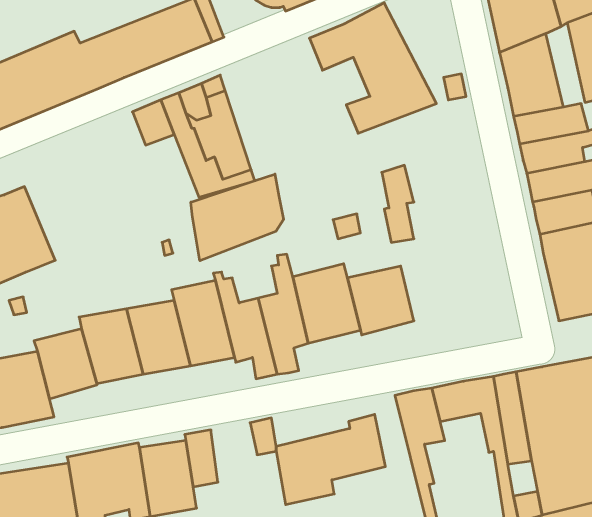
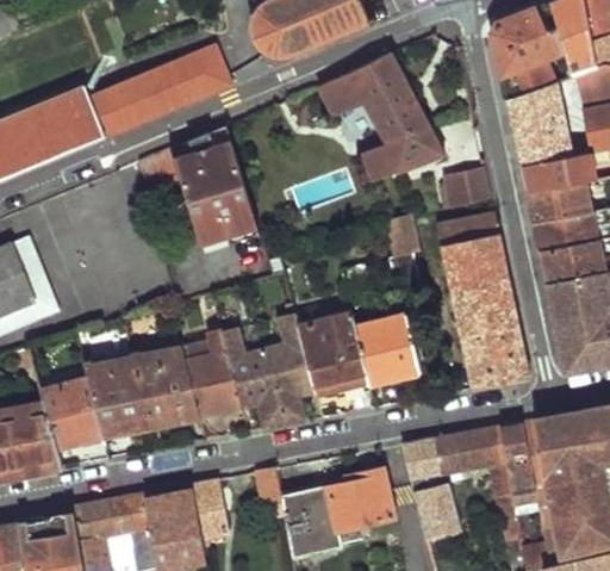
building: none -> [442,167,492,209]
building: none -> [437,212,530,389]
building: [191,174,284,261] -> none

